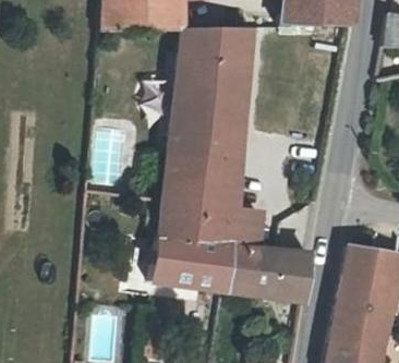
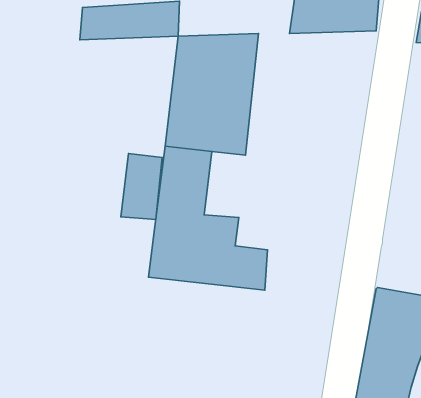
building: [205,129,240,184] -> [121,154,162,220]
building: [153,234,311,299] -> none

